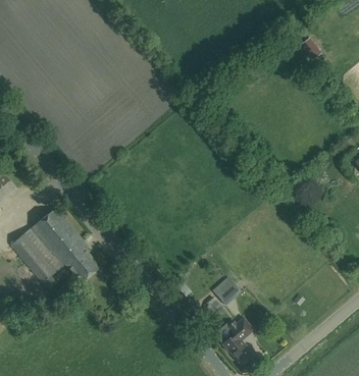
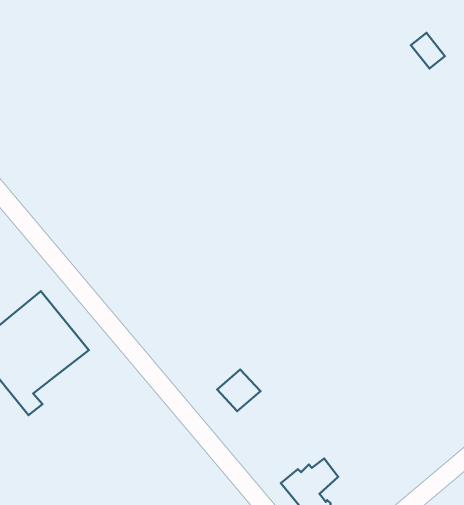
building: [65,250,99,283] -> none
building: [212,278,241,306] -> [217,369,260,411]

